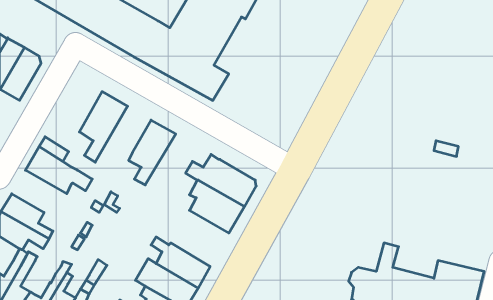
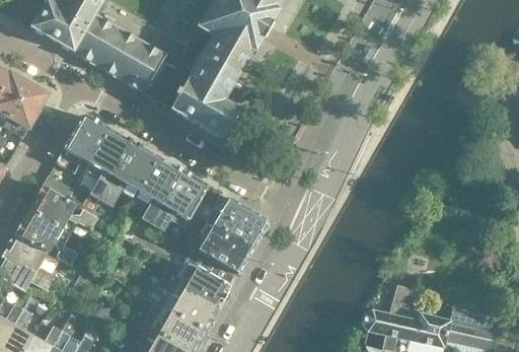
building: none -> [56,115,107,172]
building: none -> [100,142,158,206]
building: none -> [152,170,208,230]
building: none -> [14,208,77,265]
building: none -> [165,247,233,307]

